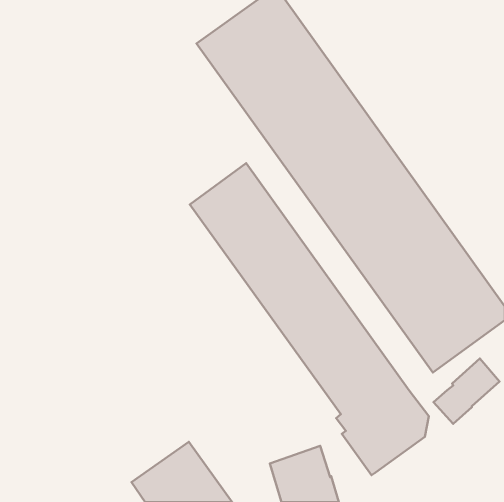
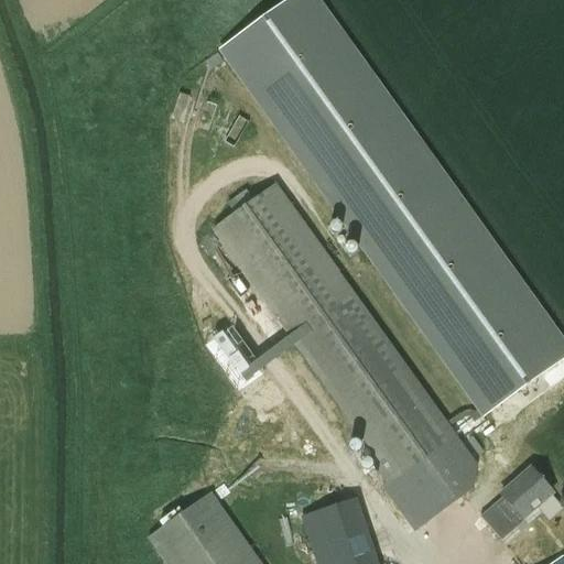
building: [433,359,500,424] -> [480,467,554,540]

